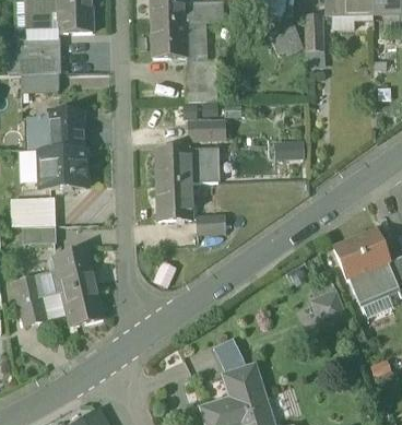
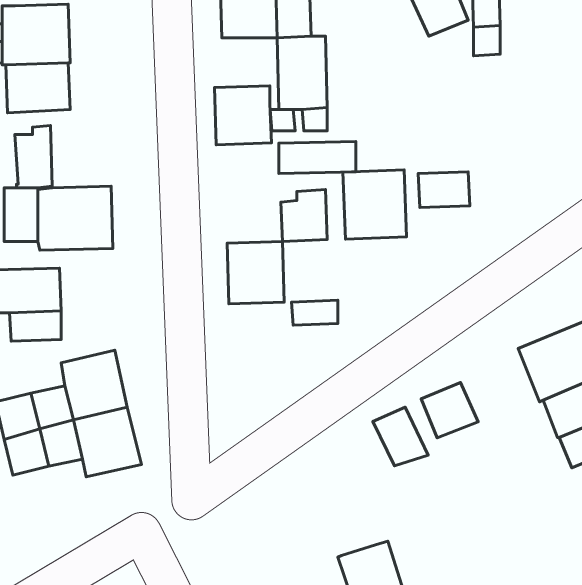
building: [48,110,85,149] -> none
building: none -> [343,170,407,239]
building: [155,146,190,182] -> [214,86,272,145]
building: [312,291,347,324] -> [421,383,478,438]
building: [213,338,247,374] -> [373,407,428,466]

